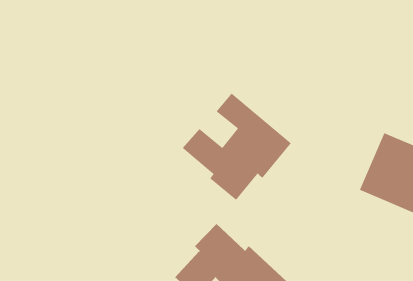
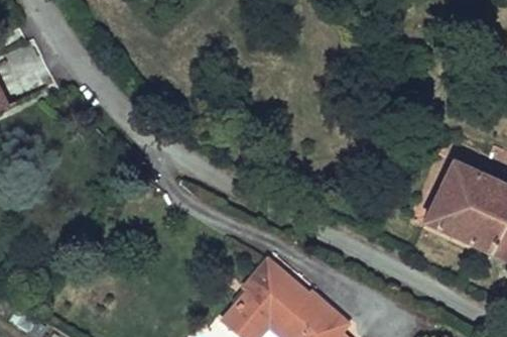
building: [182,92,292,201] -> none

